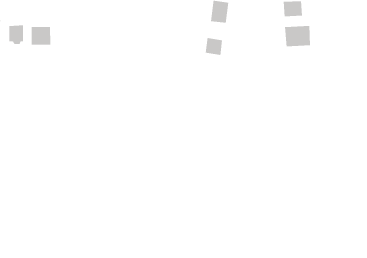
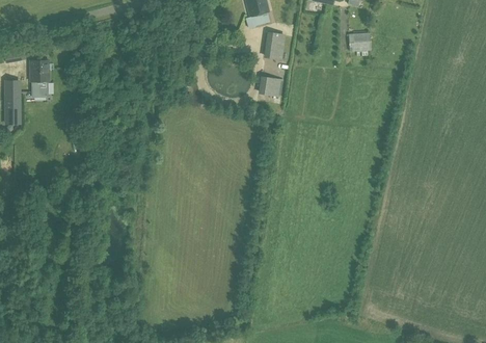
building: [284,25,311,47] -> none
building: [31,26,51,46] -> none

